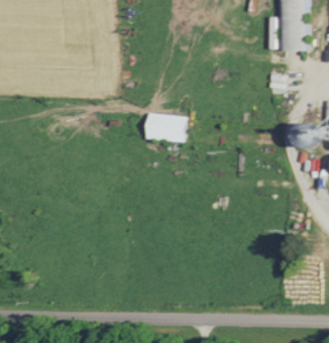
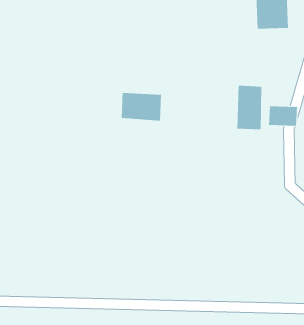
building: none -> [237,85,262,130]

